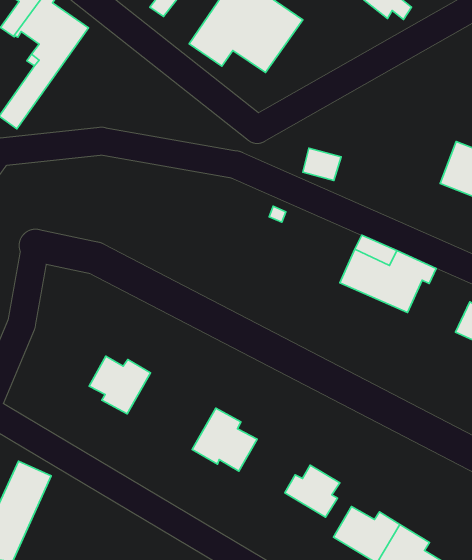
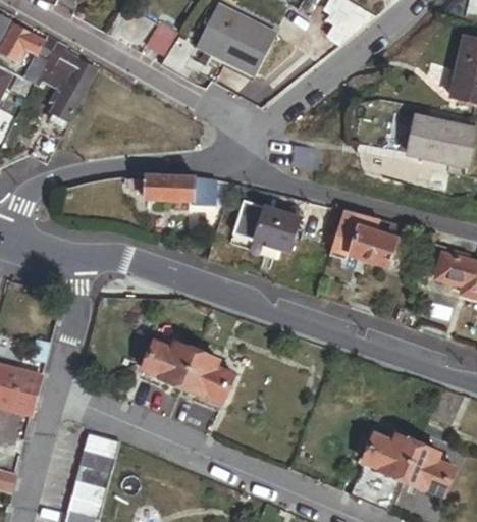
building: none -> [128,176,217,206]
building: none -> [234,200,302,254]
building: [192,408,257,471] -> [174,346,226,395]
building: [285,465,340,517] -> none

